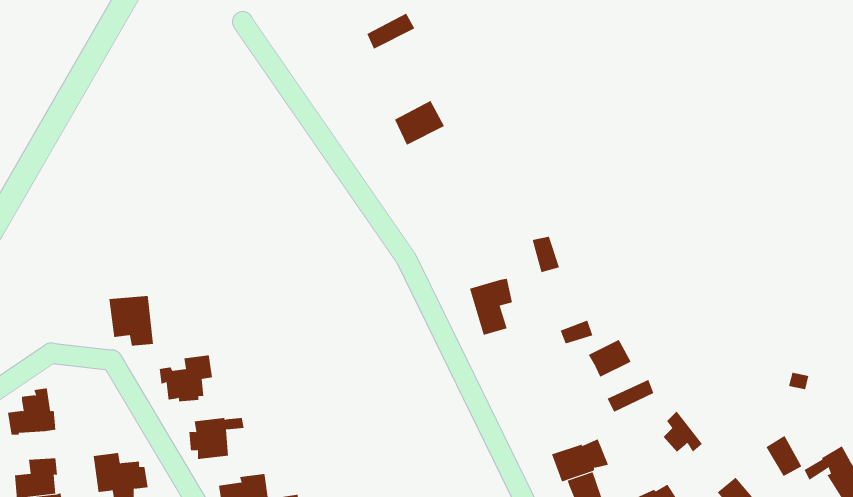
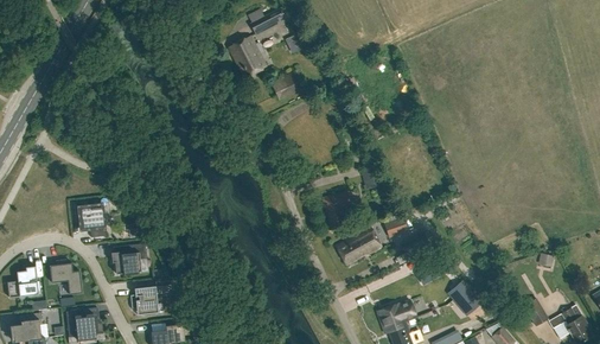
building: none -> [228,36,266,78]
building: none -> [336,228,382,265]
building: none -> [49,260,82,294]

